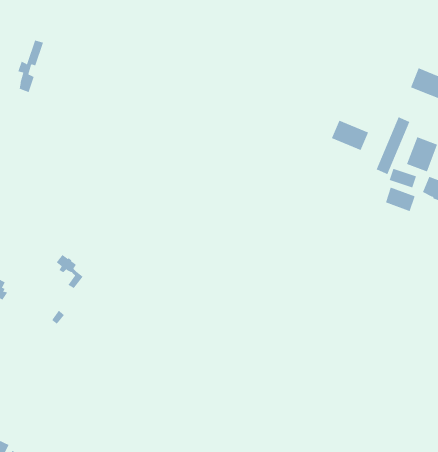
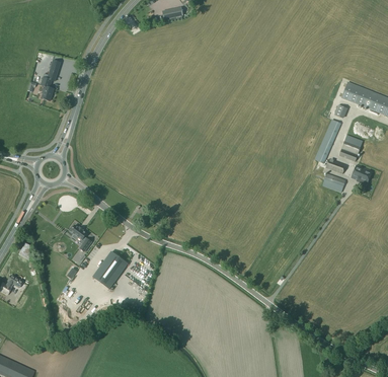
building: [331,120,369,151] -> none
building: none -> [91,250,127,288]

